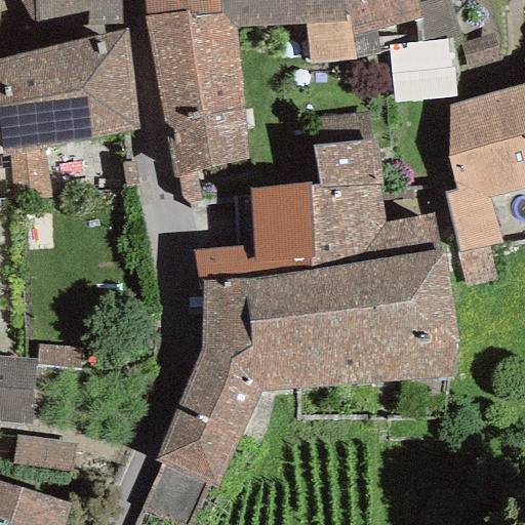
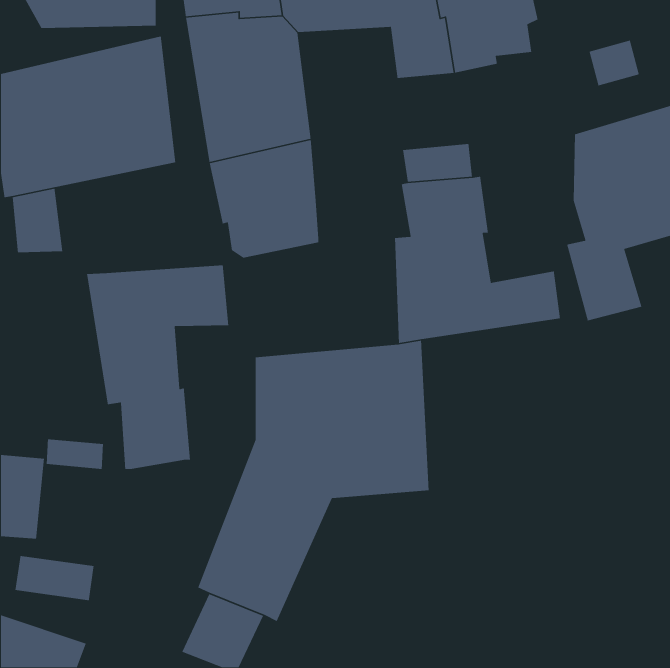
building: [389,38,455,100] -> none
building: [193,180,312,279] -> none
building: none -> [86,265,229,470]
building: [330,248,462,383] -> none

